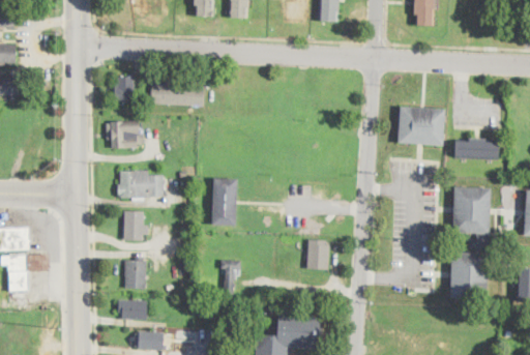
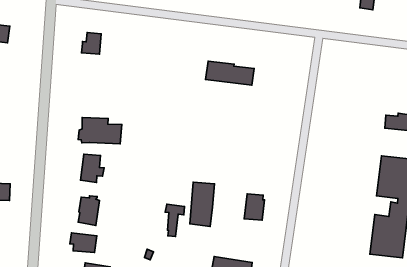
building: [152,84,205,107] -> [206,61,254,85]
building: [396,105,443,144] -> none
building: [108,121,144,150] -> none
building: [213,179,237,227] -> [190,182,215,227]

